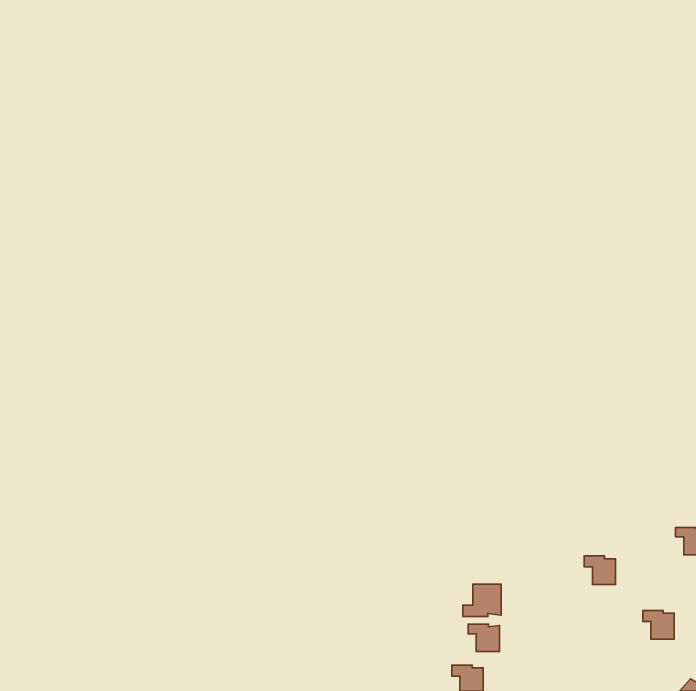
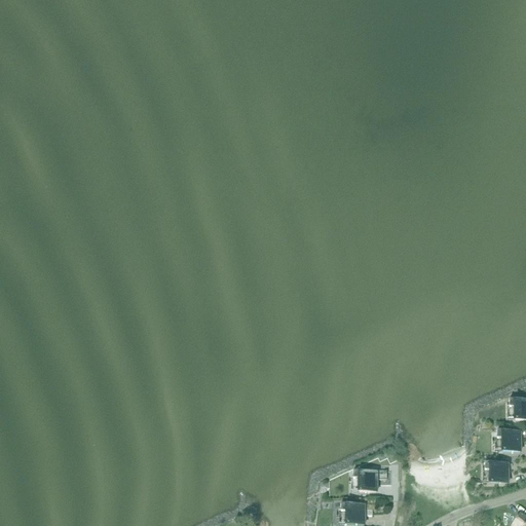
building: [584,556,616,585] -> [497,428,521,450]
building: [463,584,501,617] -> none

